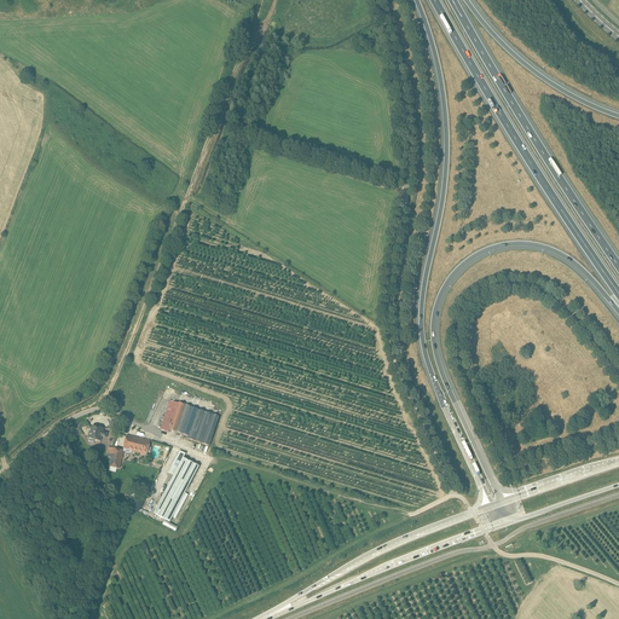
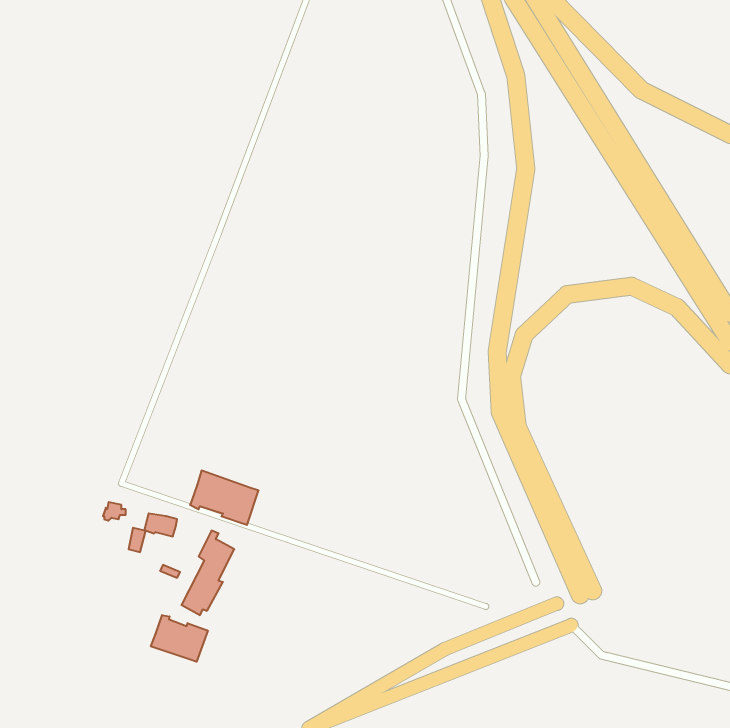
building: none -> [151,615,208,662]

